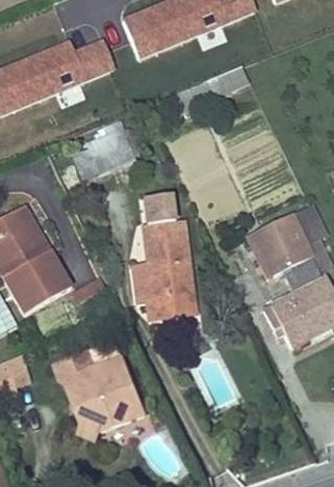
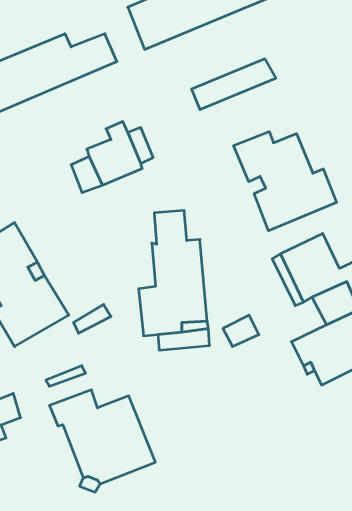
building: none -> [234,132,337,231]

